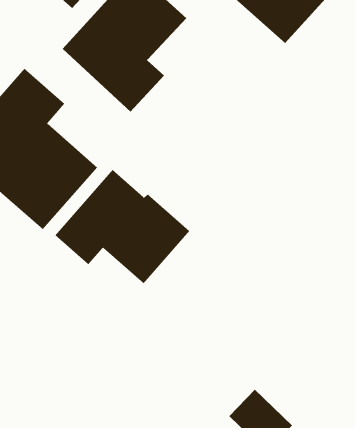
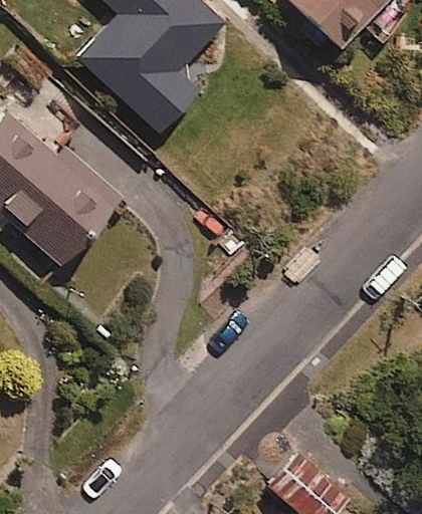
building: [54,169,190,284] -> none

